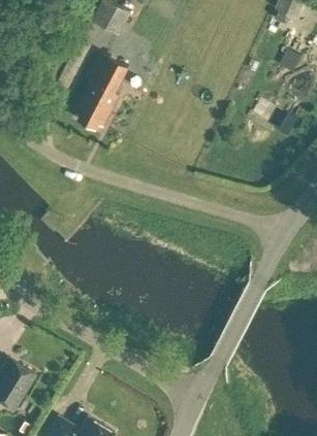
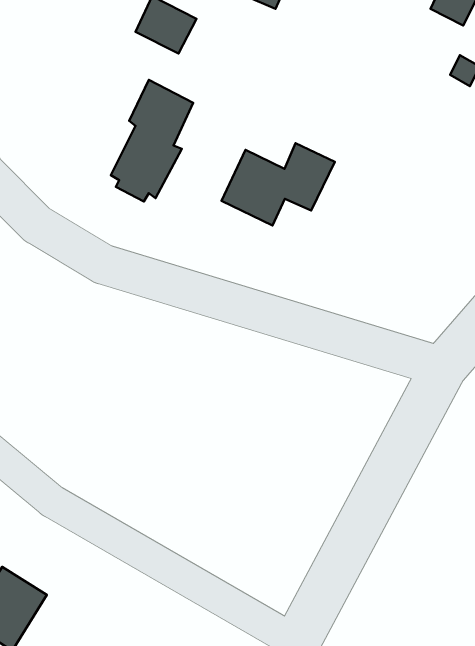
building: none -> [221,143,335,226]

